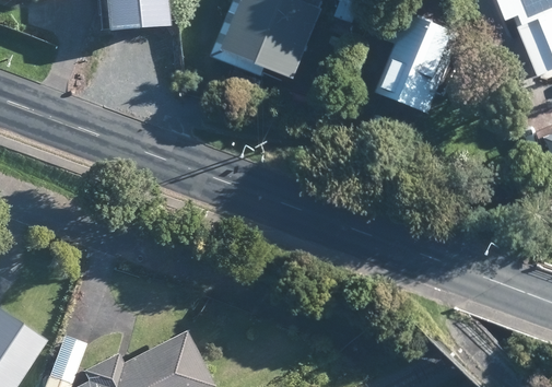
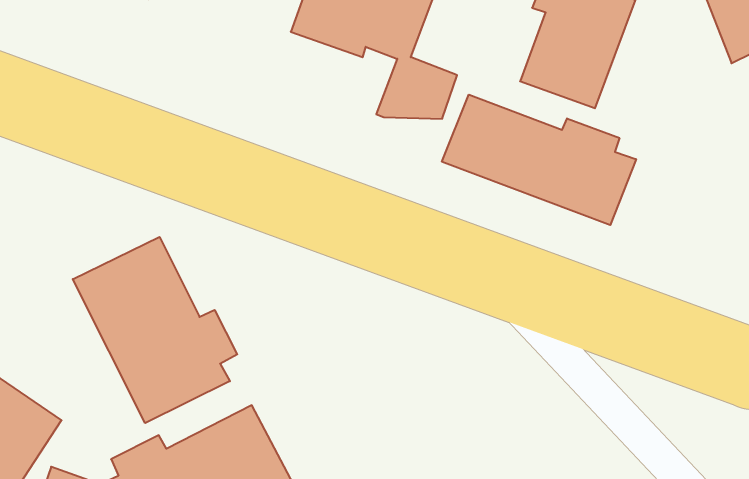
building: none -> [442,95,636,225]
building: none -> [73,237,237,423]

